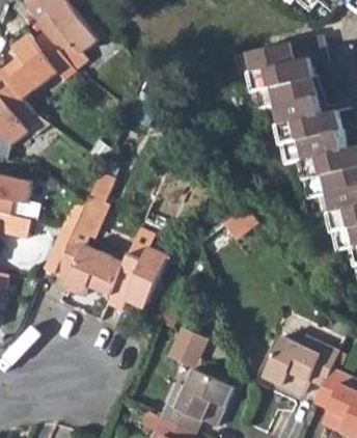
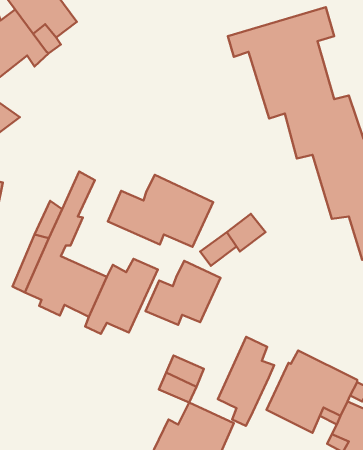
building: none -> [108,175,213,247]
building: none -> [146,261,220,325]
building: none -> [218,337,274,426]

